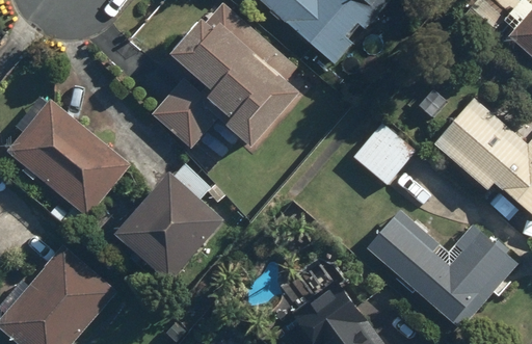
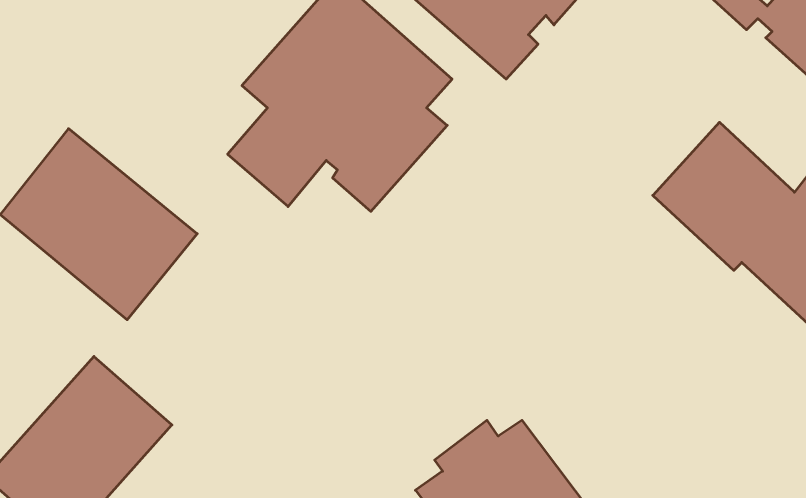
building: [352,123,414,183] -> none
building: [109,162,221,288] -> none
building: [363,206,518,332] -> none

